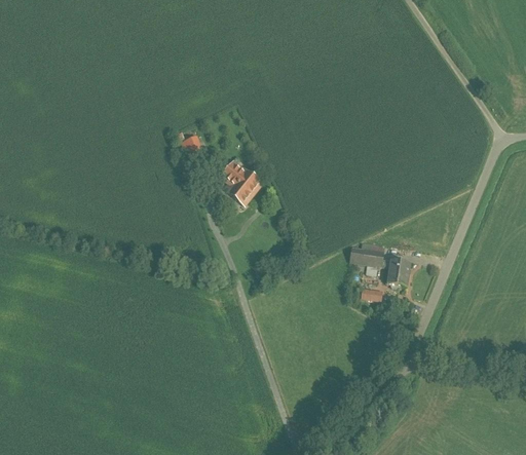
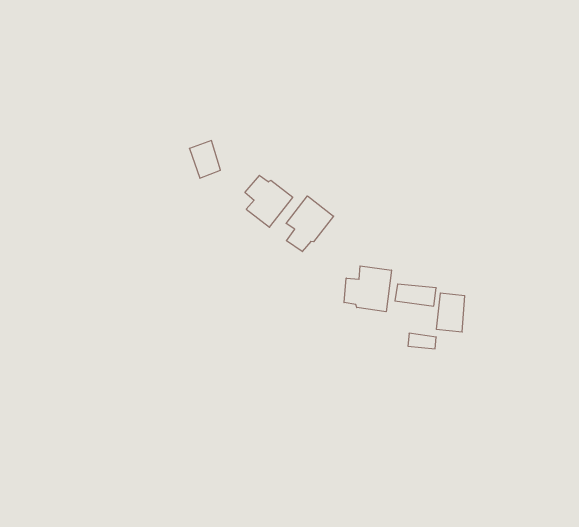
building: none -> [286,196,334,252]
building: none -> [344,266,391,312]

